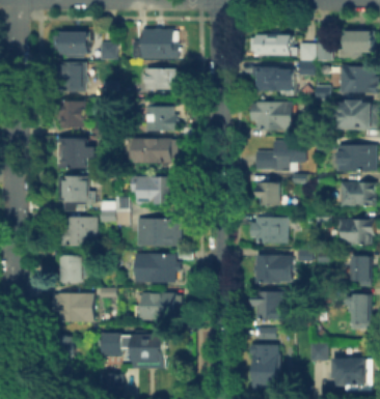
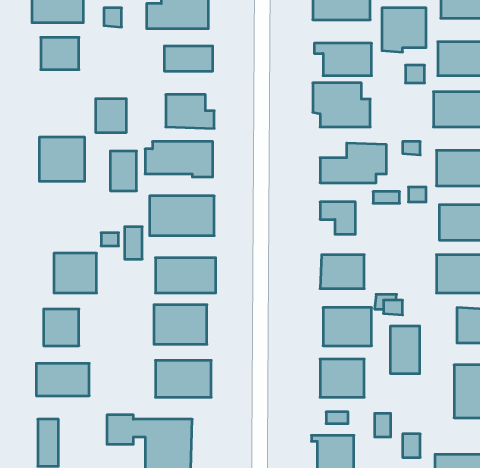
building: [61,103,83,126] -> [96,99,126,132]
building: [63,179,82,207] -> [110,151,137,191]
building: none -> [391,326,420,374]

